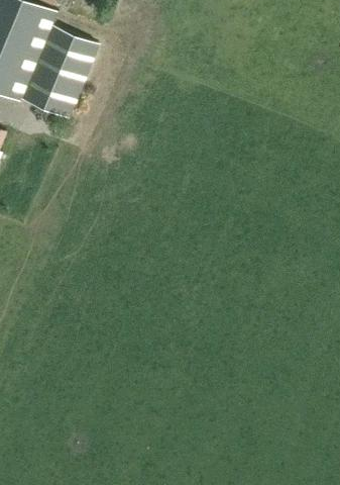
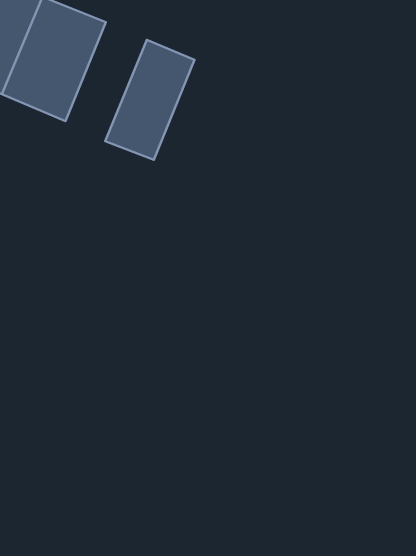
building: none -> [105,40,194,160]

